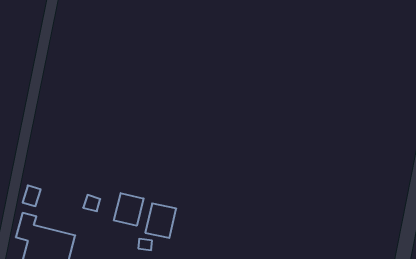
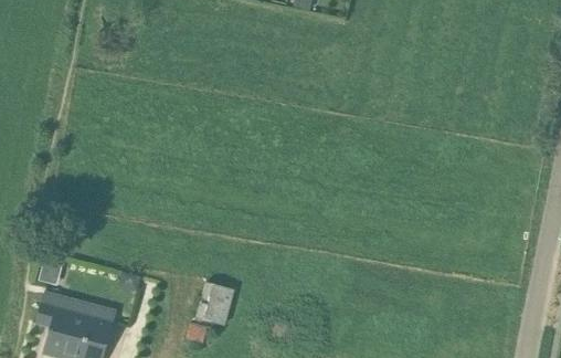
building: [114,193,144,226] -> none

